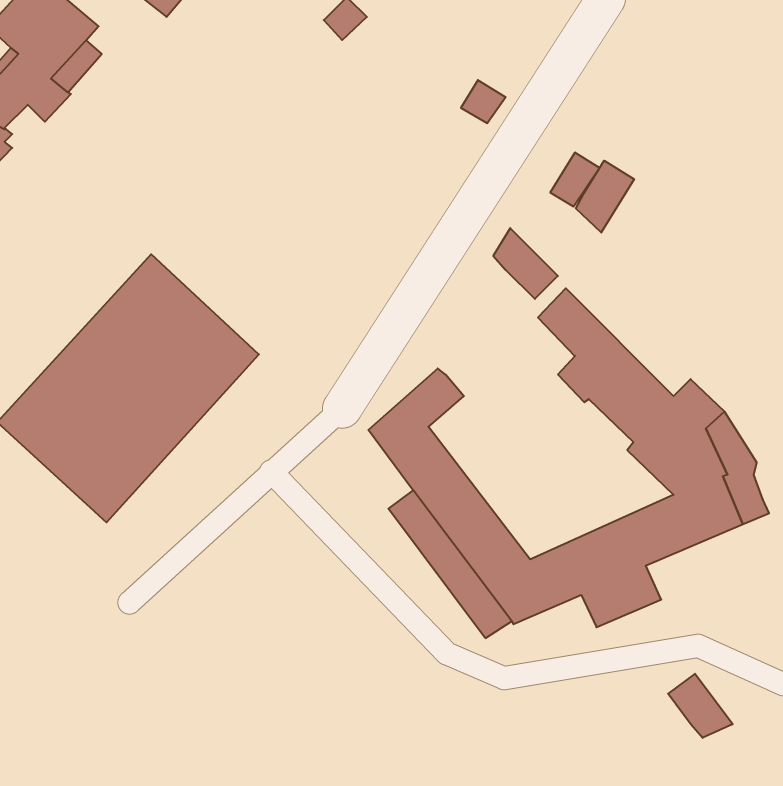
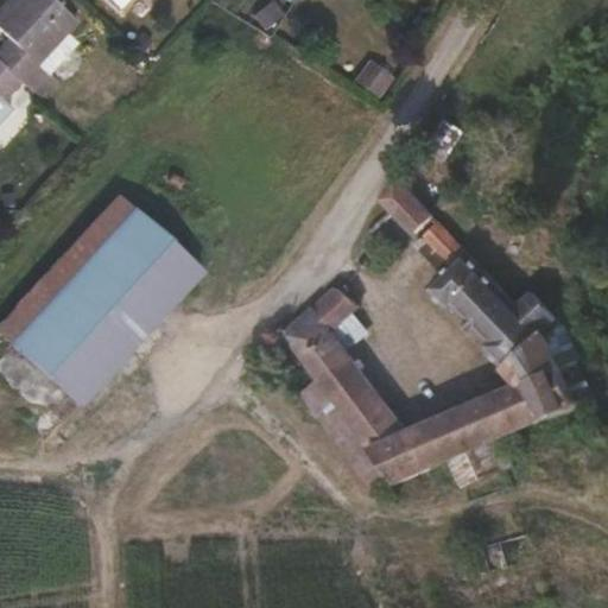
building: [576,161,634,233] -> none
building: [668,674,733,738] -> none

